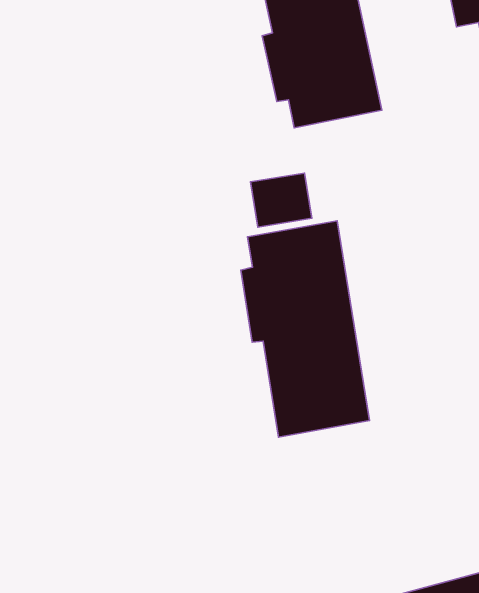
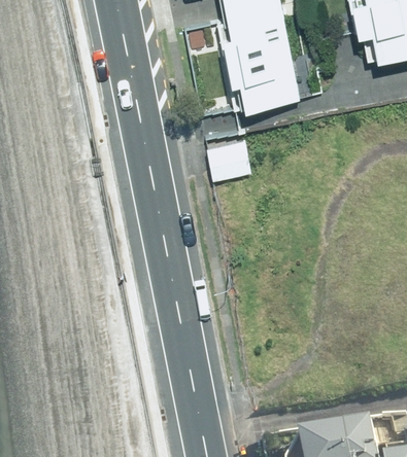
building: [241,221,369,437] -> none

